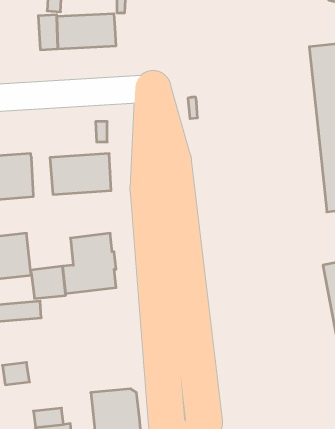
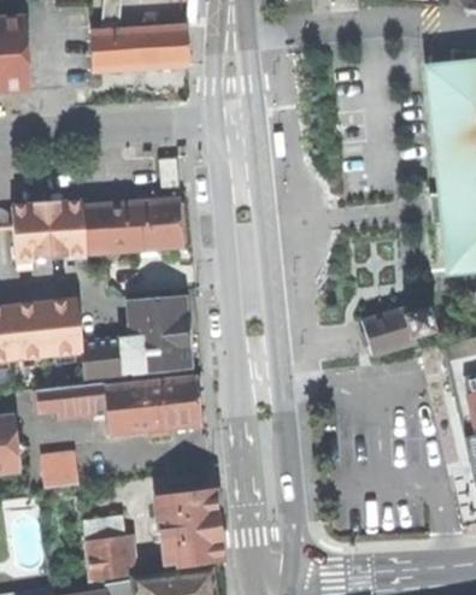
building: none -> [82,204,108,252]
building: none -> [363,307,435,355]
building: none -> [104,377,199,434]

